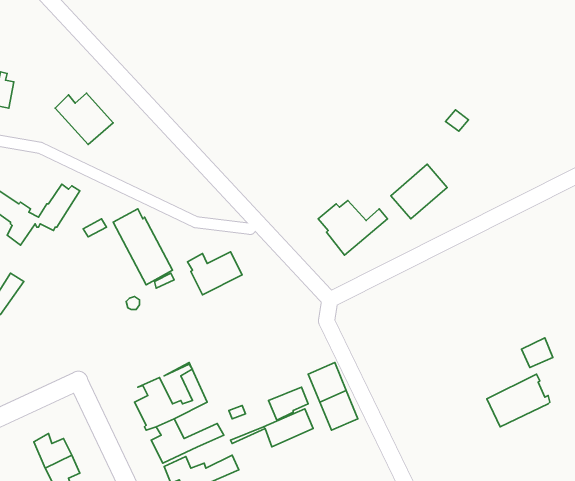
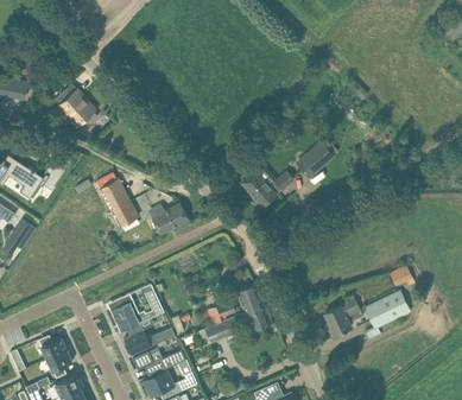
building: none -> [323,294,360,339]

